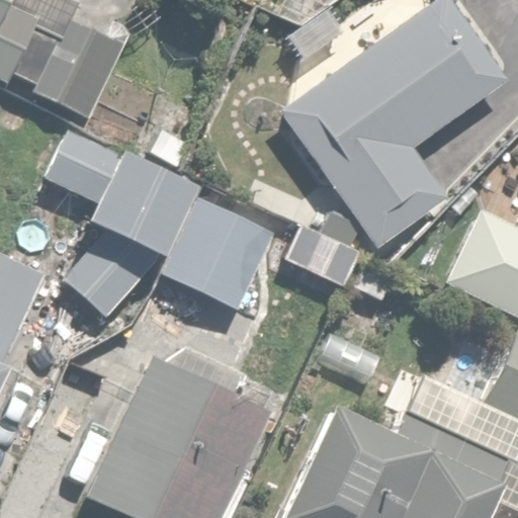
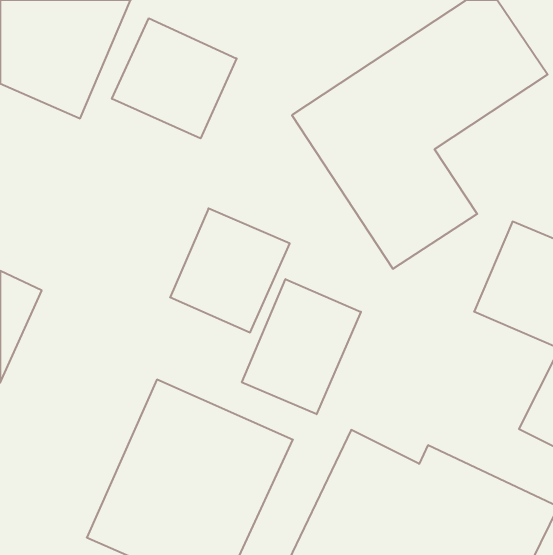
building: none -> [112,18,237,138]
building: [36,120,197,319] -> none
building: none -> [242,279,361,414]

